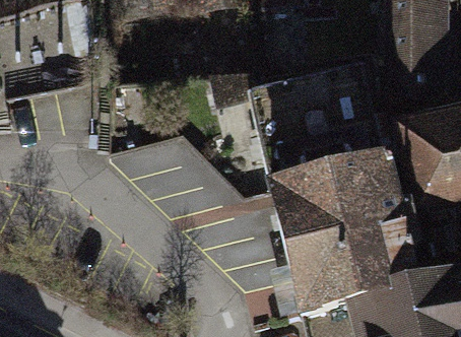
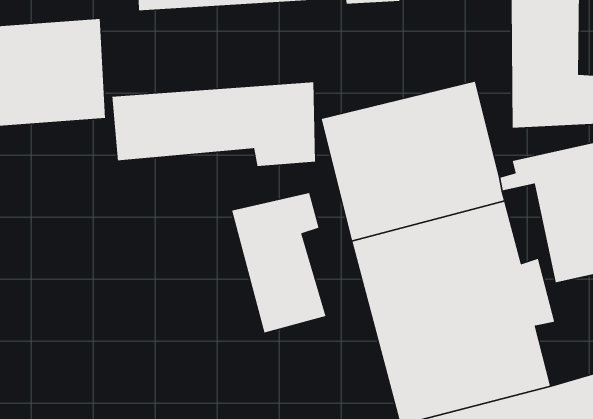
building: none -> [112,81,316,167]
building: none -> [231,192,326,333]

